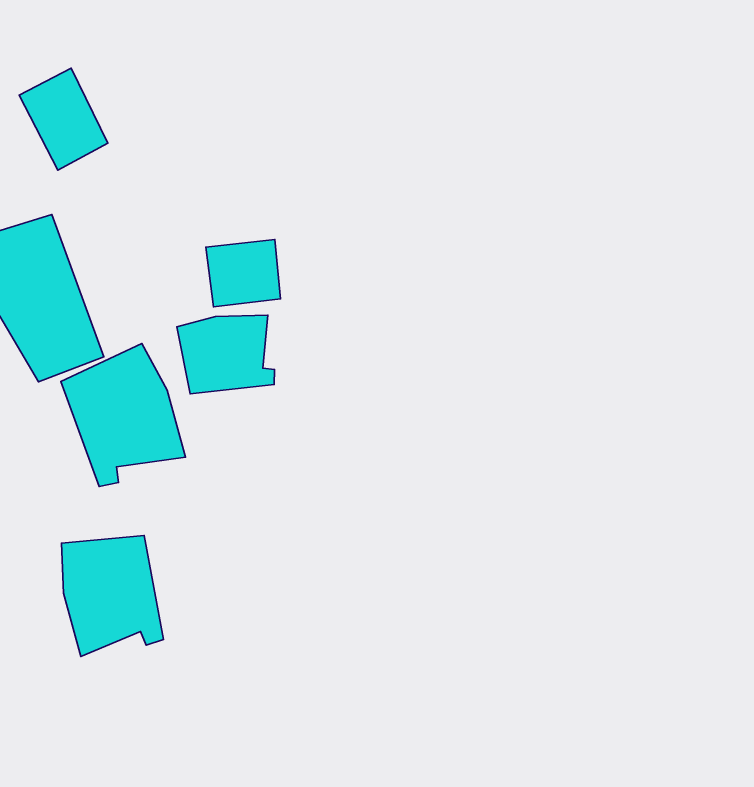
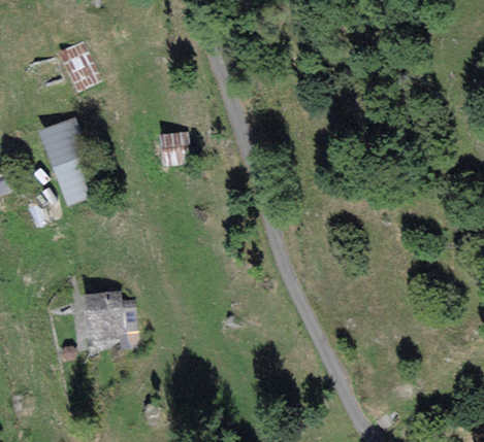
building: [177,315,274,394] -> none
building: [61,343,185,487] -> none

